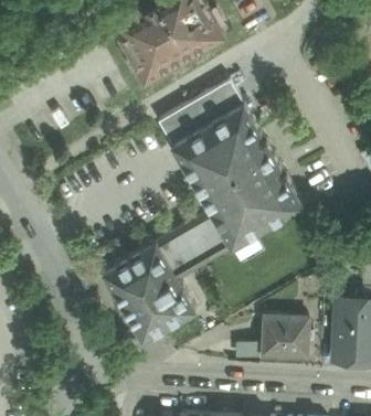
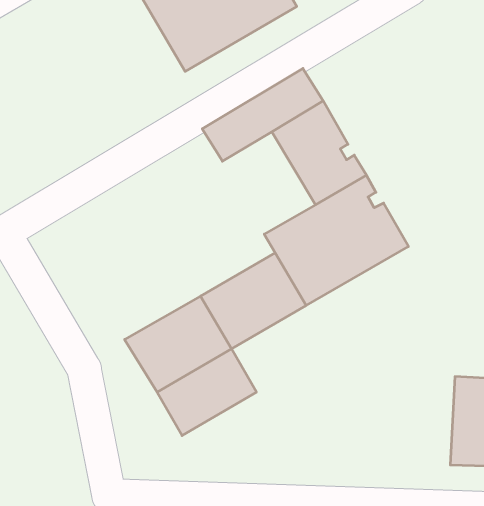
building: [172,124,239,196] -> none
building: [263,316,309,359] -> none

